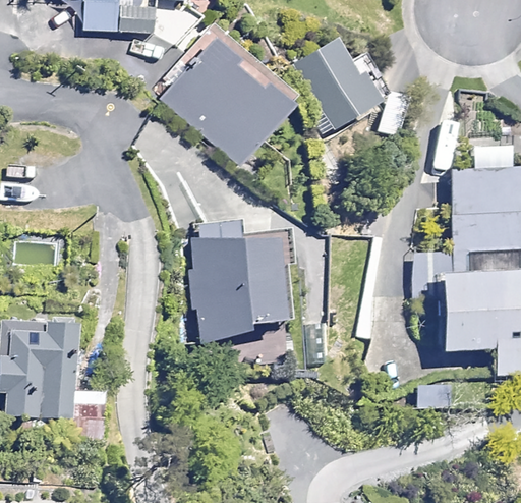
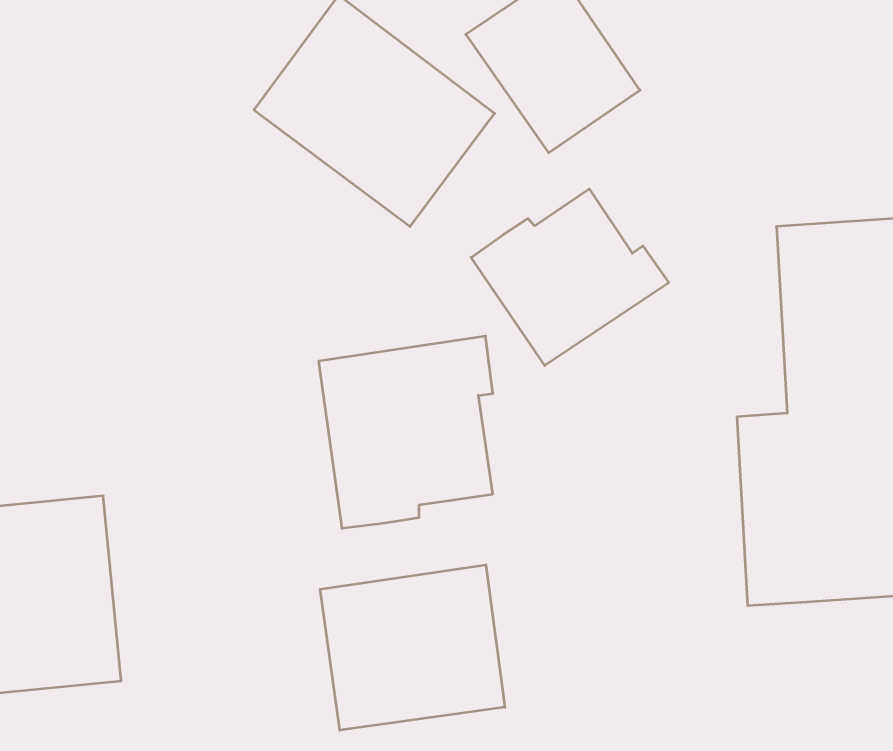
building: none -> [471,189,669,366]
building: none -> [320,565,505,730]

